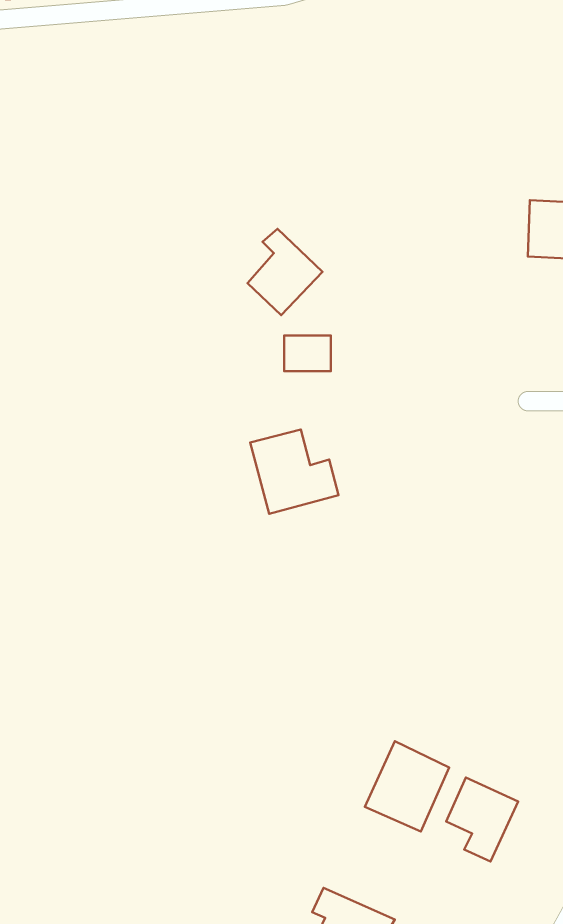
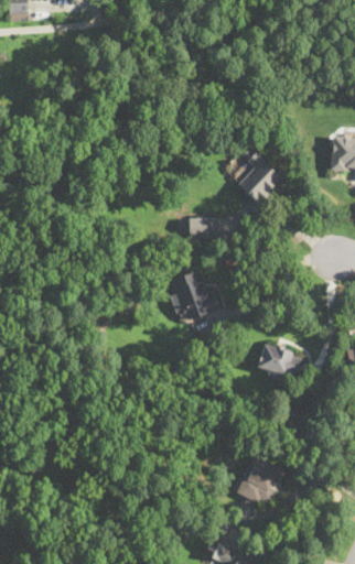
building: [247,229,323,315] -> [239,152,283,203]
building: none -> [257,341,309,381]
building: [446,777,518,862] -> none

